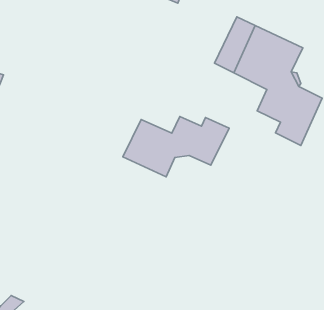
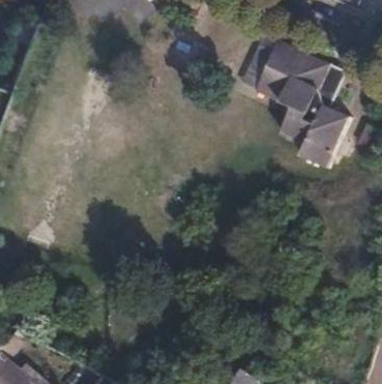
building: [123,116,229,177] -> none

